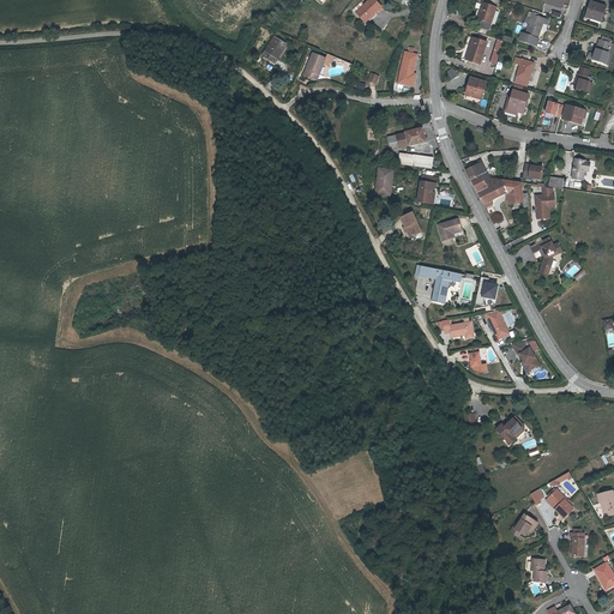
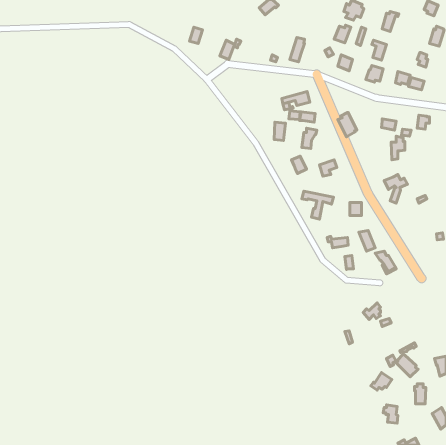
building: [476,179,524,205] -> none

